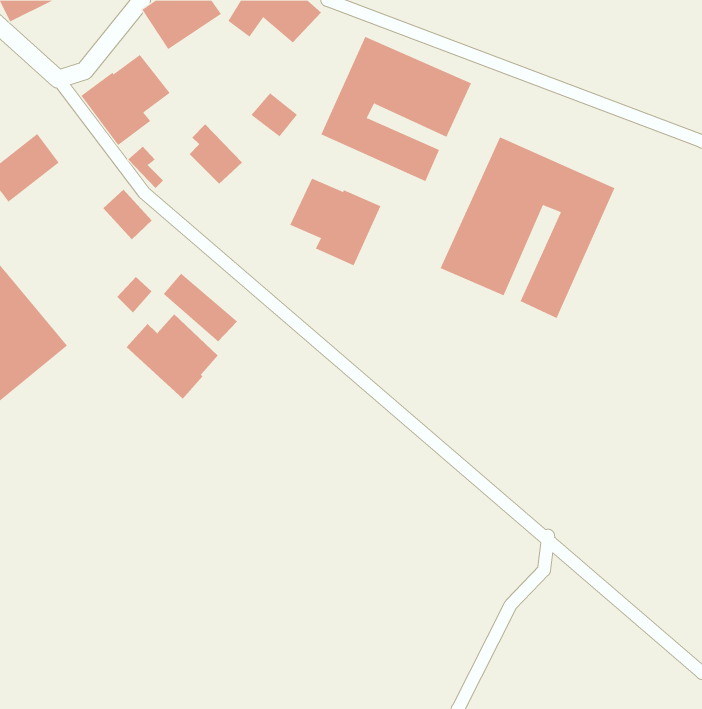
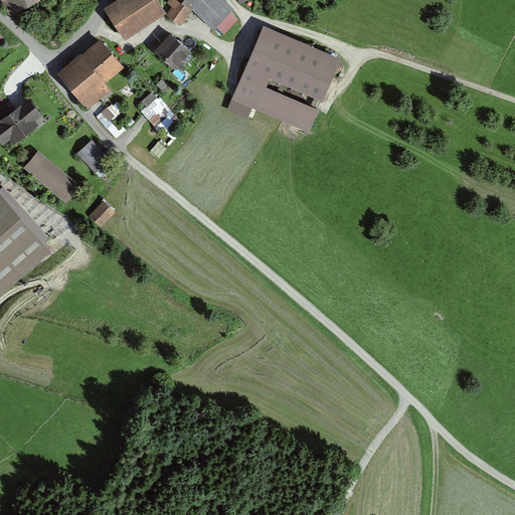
building: [251,93,298,137] -> [156,34,190,66]
building: [440,137,615,319] -> none
building: [290,178,381,266] -> none
building: [163,273,238,342] -> [23,151,77,201]
building: [126,314,219,399] -> none

